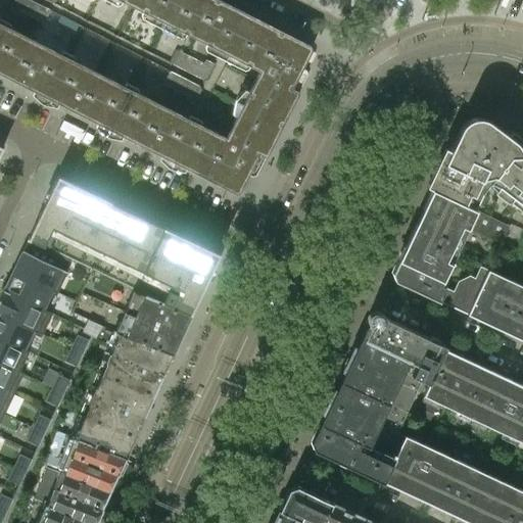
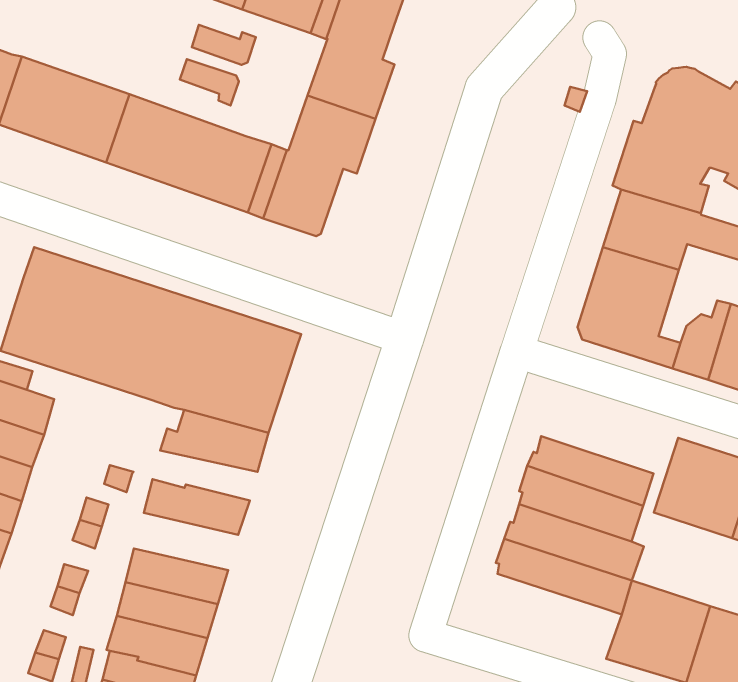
building: [363,312,448,374] -> none
building: [115,316,182,354] -> none
building: [98,353,164,396] -> none
building: [314,421,398,483] -> none

